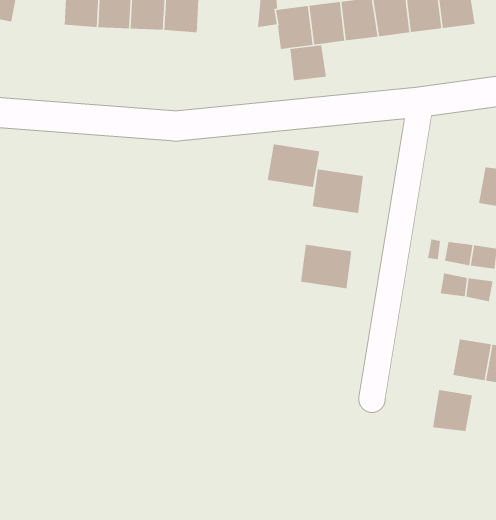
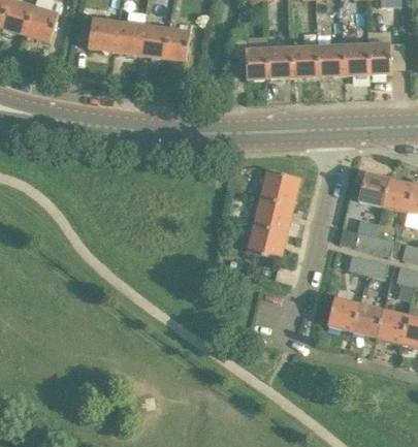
building: [290,44,327,81] -> none
building: [267,144,320,188] -> [252,196,293,231]
building: none -> [357,171,389,204]
building: [432,389,473,432] -> [327,296,359,329]

